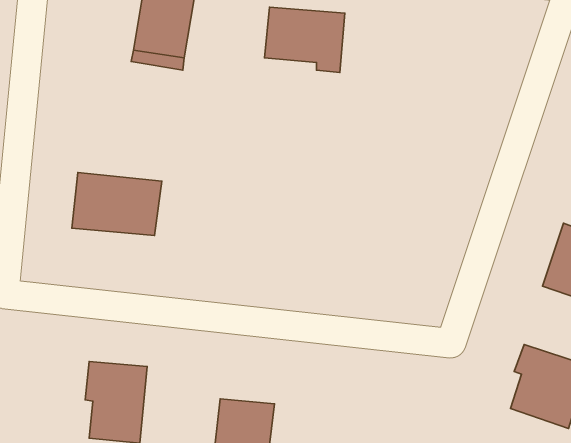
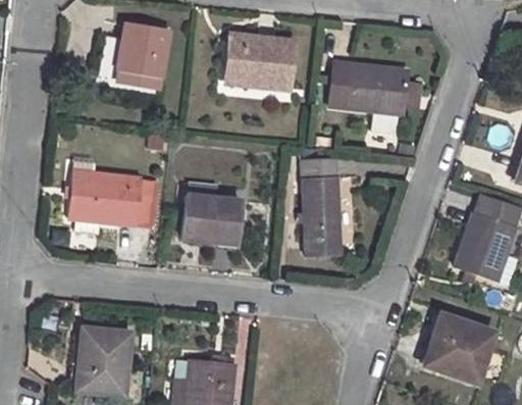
building: none -> [330,64,409,114]
building: none -> [302,158,342,257]
building: none -> [182,194,243,244]

